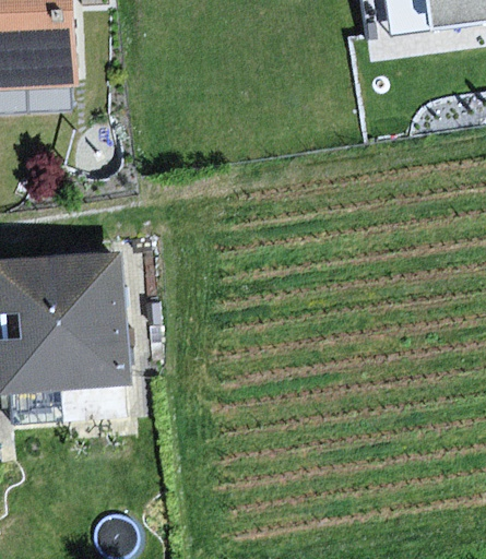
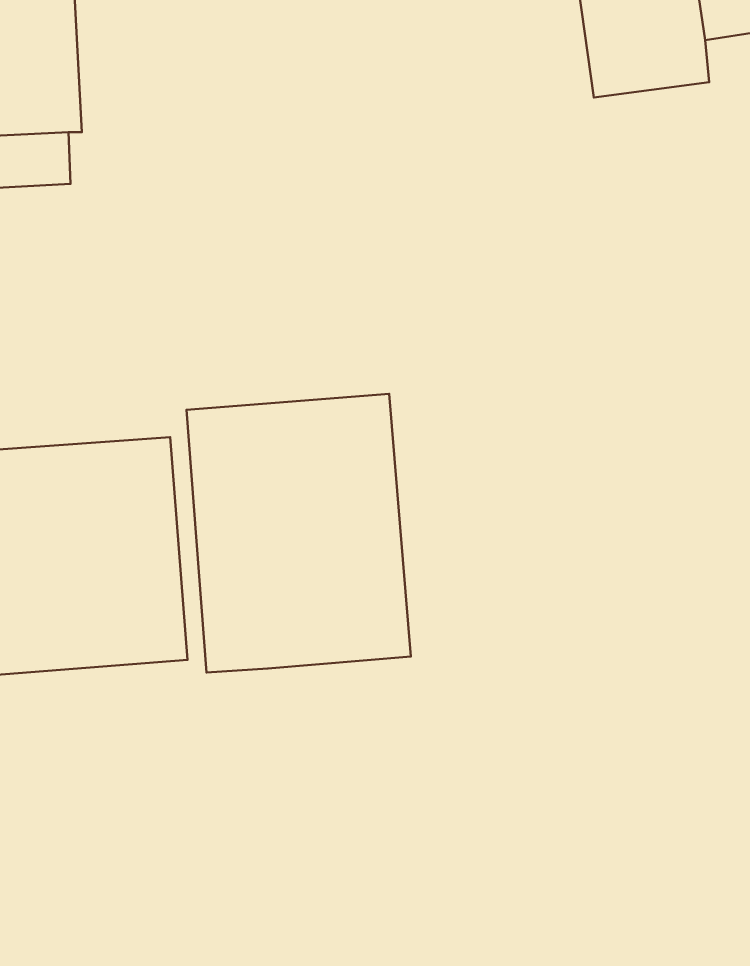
building: none -> [186,394,411,673]

